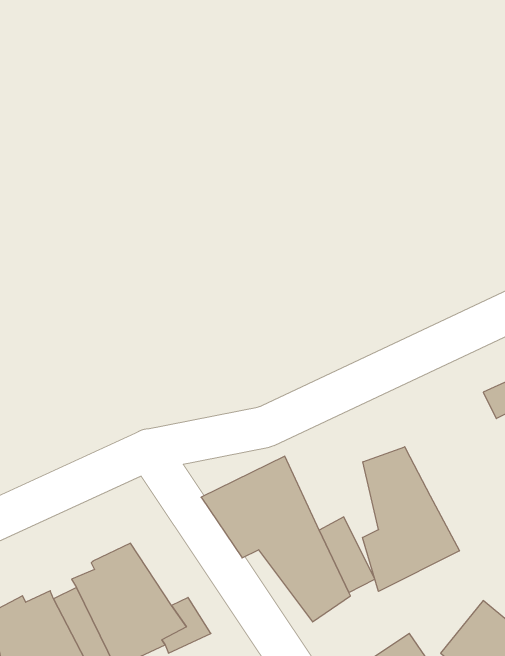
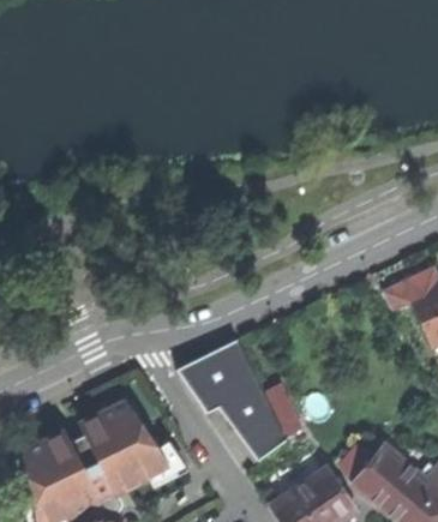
building: [363,447,459,591] -> none

